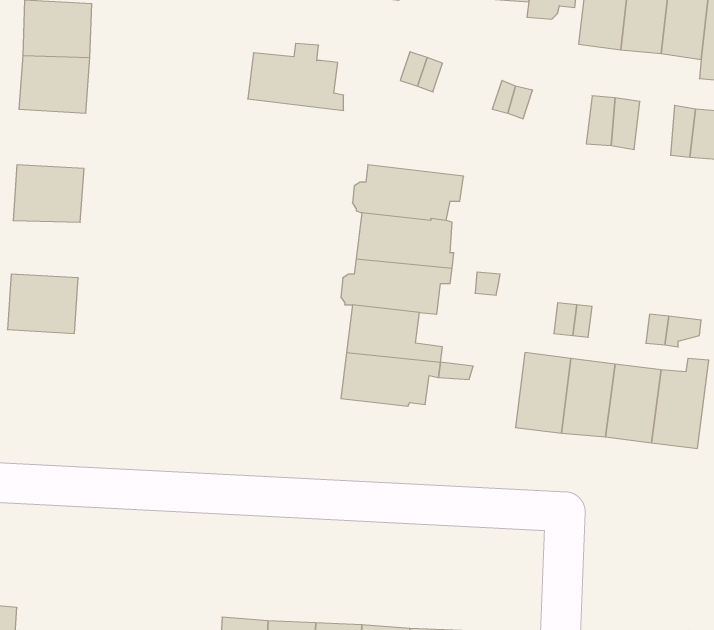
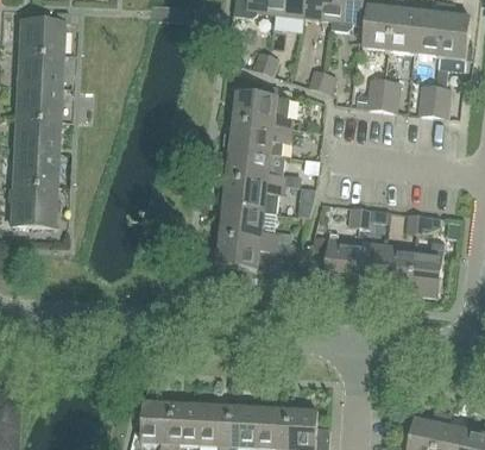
building: [248,43,344,110] -> [233,86,292,127]
building: none -> [15,86,58,123]
building: none -> [12,155,55,190]

